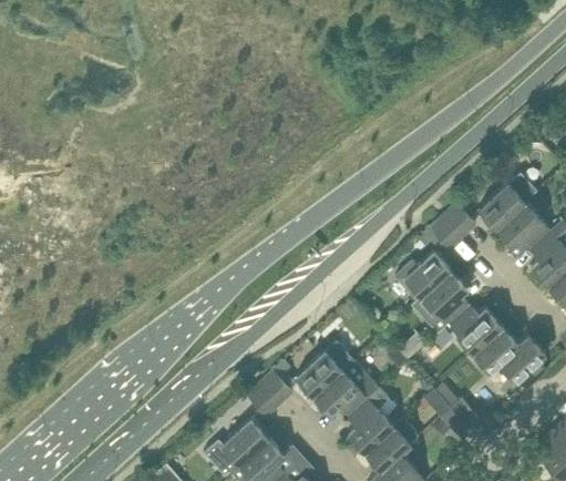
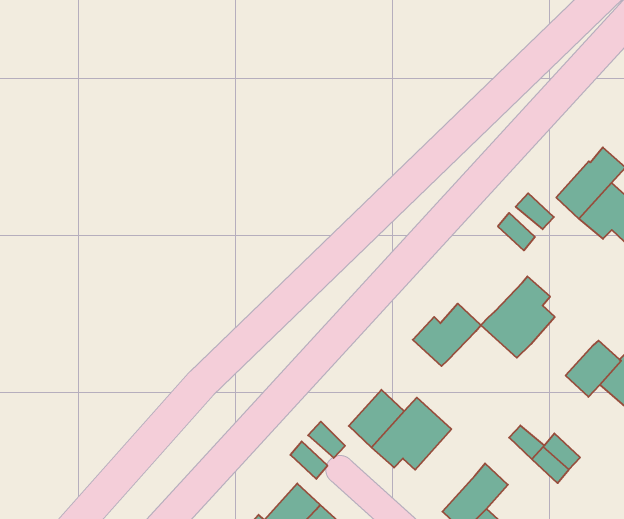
building: [394,252,450,300] -> [413,304,481,366]
building: [447,305,502,352] -> none
building: [346,387,393,452] -> none

